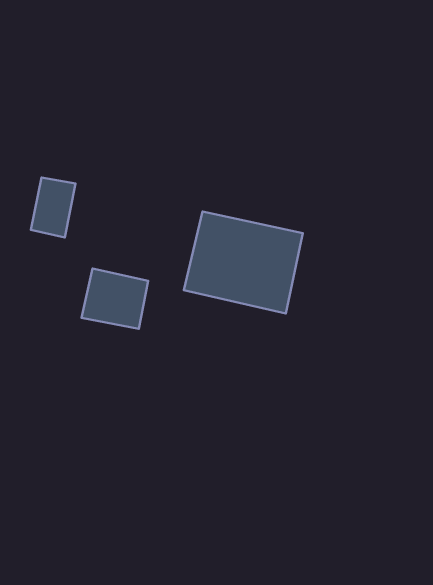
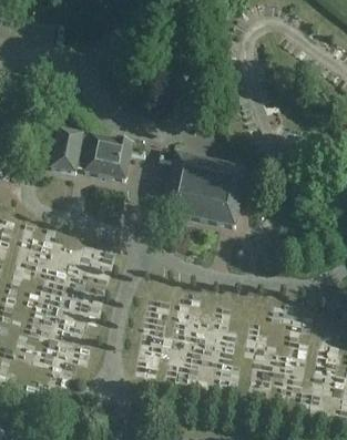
building: [82,269,148,329] -> [88,136,135,180]

